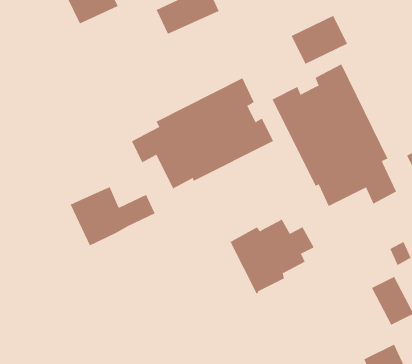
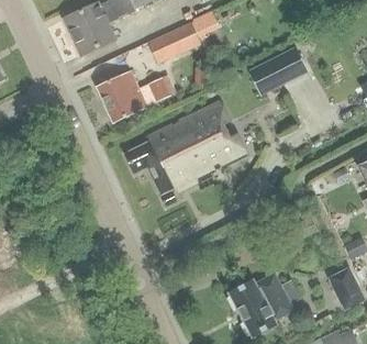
building: [272,64,397,207] -> none
building: [70,186,156,246] -> [97,70,169,121]
building: [229,219,315,294] -> [229,273,301,336]

